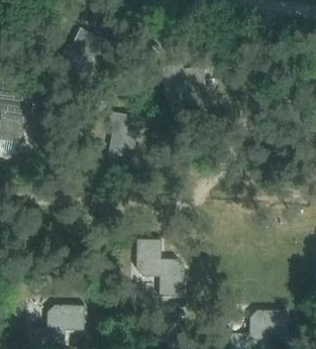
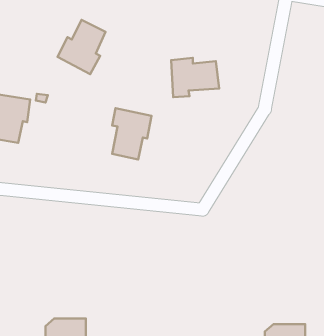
building: [136,239,184,297] -> none

